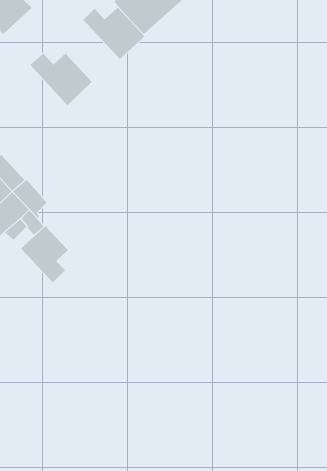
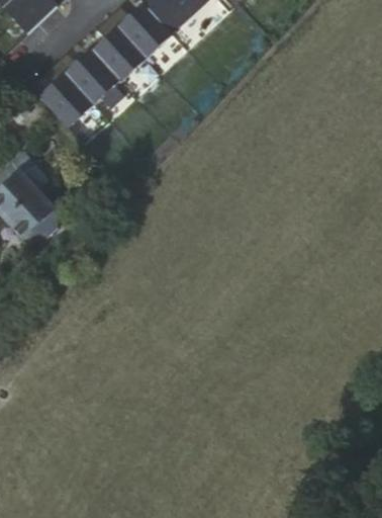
building: none -> [90,20,144,85]
building: none -> [38,66,91,130]
building: [20,225,69,283] -> none

